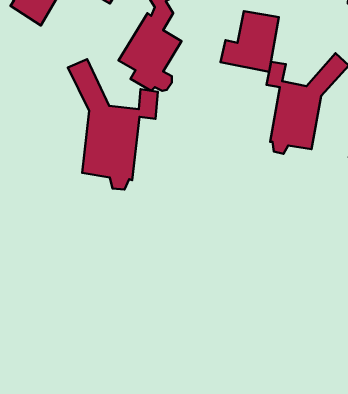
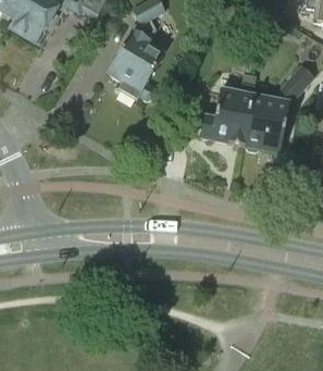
building: [221,11,279,72] -> [200,90,252,145]
building: [68,59,158,189] -> none

